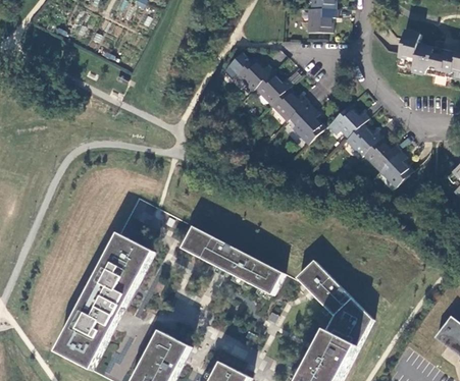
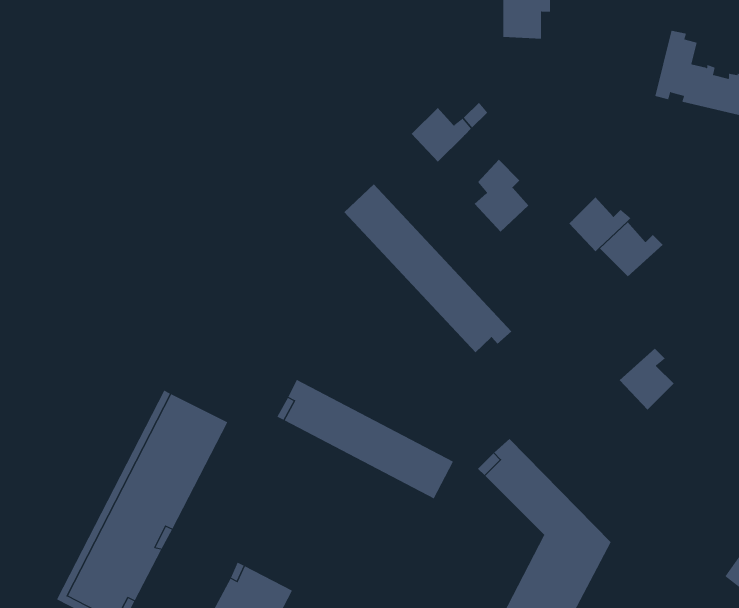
building: [223,53,273,89] -> none
building: [271,88,307,120] -> none
building: [331,104,367,135] -> none
building: none -> [343,184,512,353]
building: [379,150,411,185] -> [619,348,675,410]

